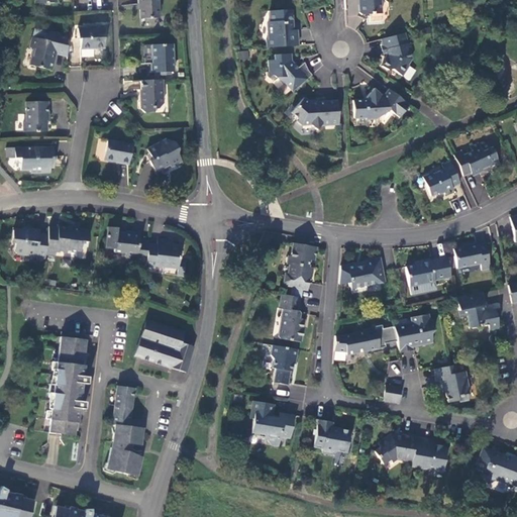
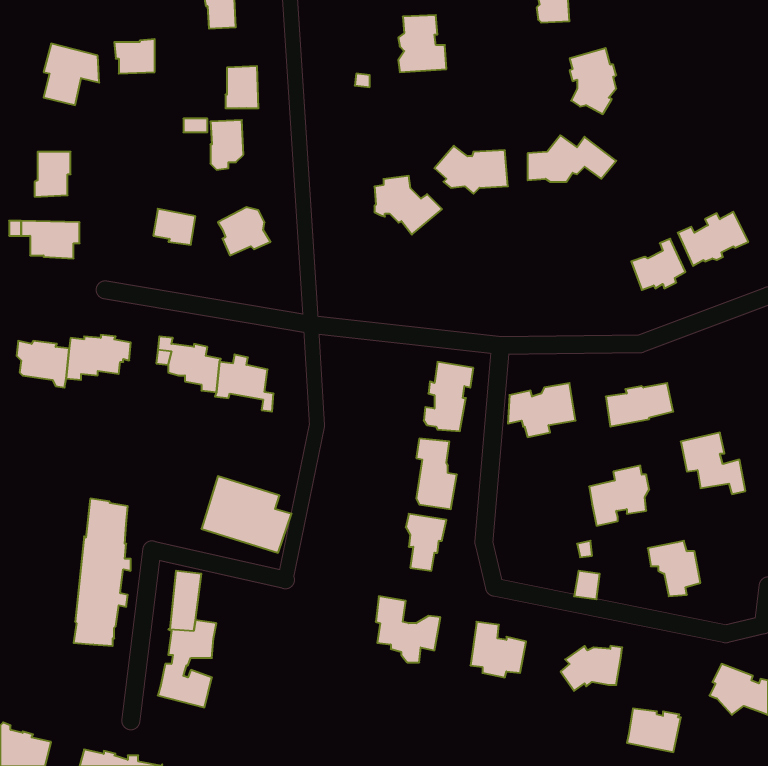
building: [269,54,314,93] -> [374,176,442,235]
building: [453,242,491,270] -> none
building: [335,324,395,353] -> none
building: [413,442,449,472] -> [627,708,681,752]

